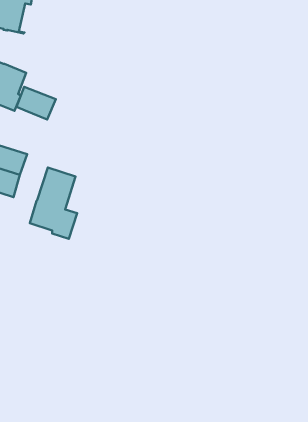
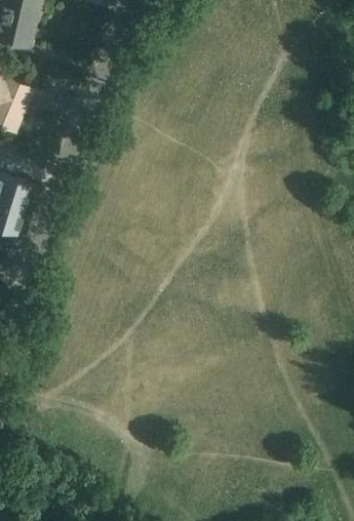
building: [16,87,56,120] -> none
building: [30,167,77,239] -> none

